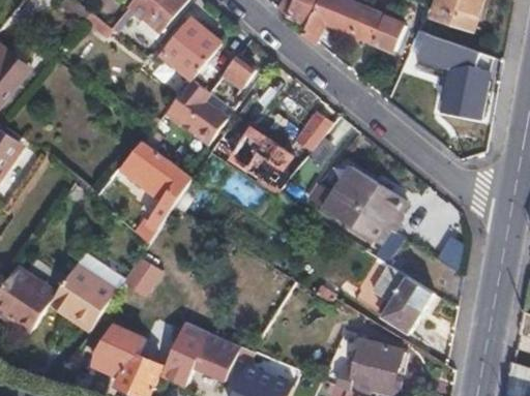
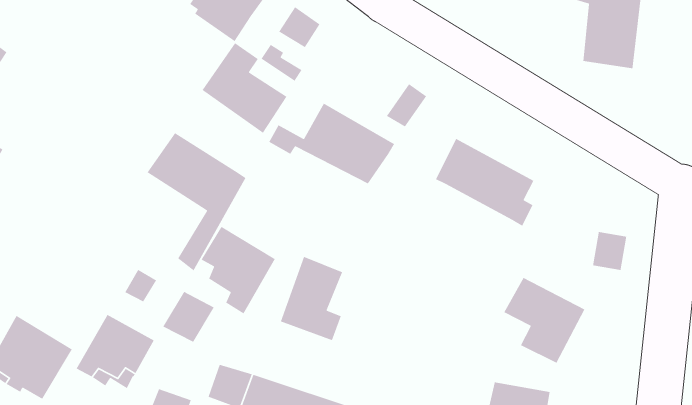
building: [307,183,406,266] -> none
building: none -> [201,226,276,314]
building: none -> [280,256,343,341]

